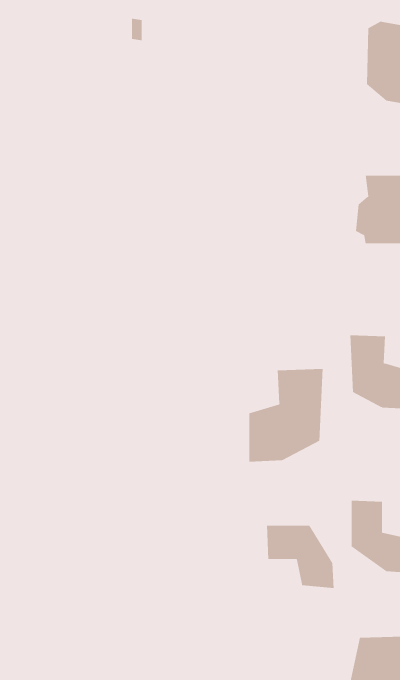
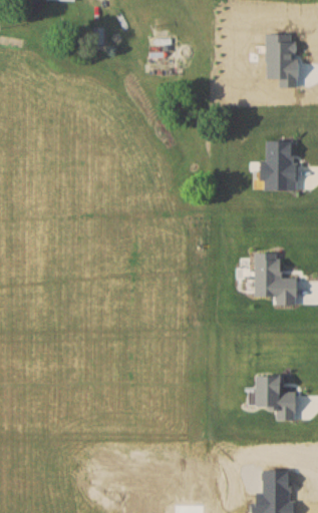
building: [249,368,323,463] -> none
building: [267,525,334,589] -> none

